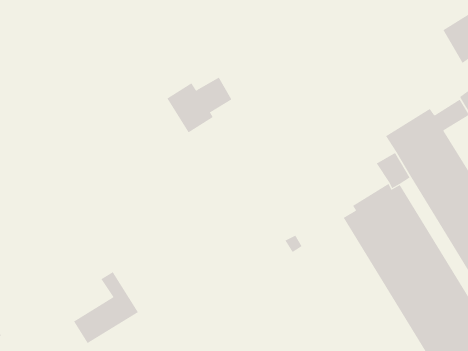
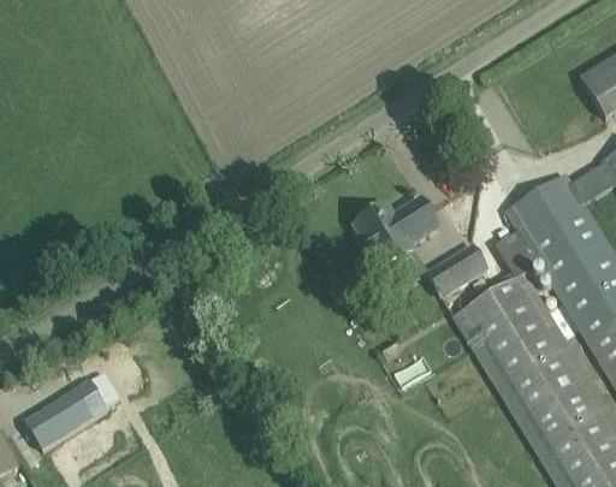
building: [167,77,232,133] -> [355,197,439,269]
building: none -> [425,244,487,298]
building: [73,272,139,344] -> [25,357,109,450]

